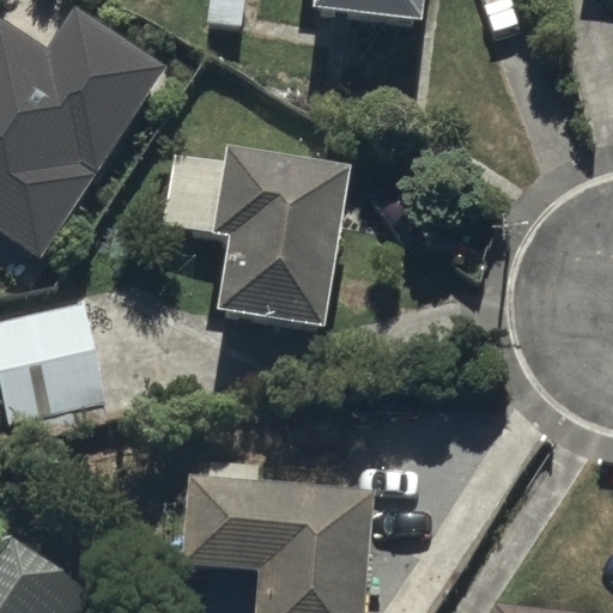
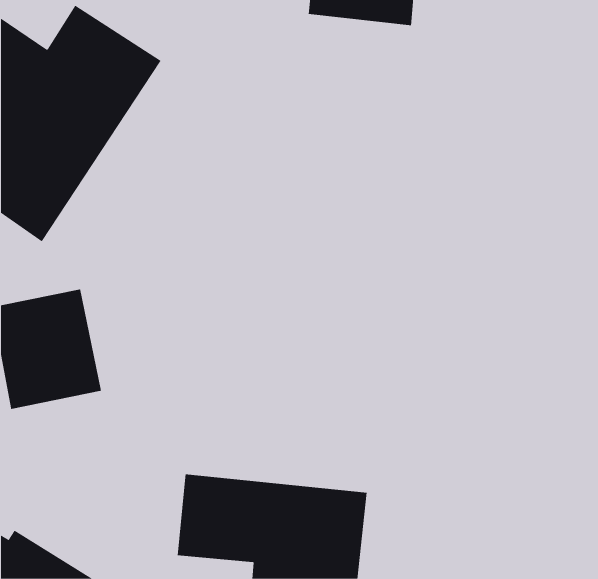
building: [164,145,350,332] -> none

